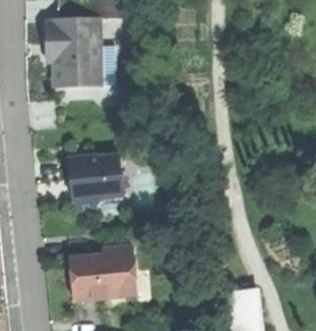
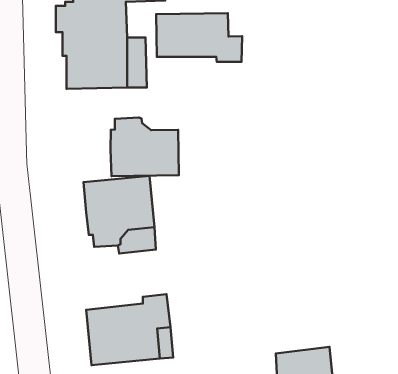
building: none -> [156,13,242,62]
building: none -> [111,118,179,176]

